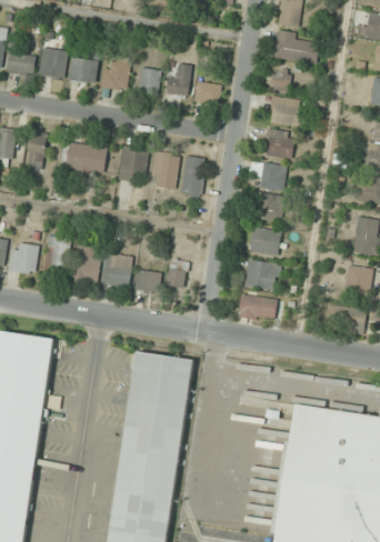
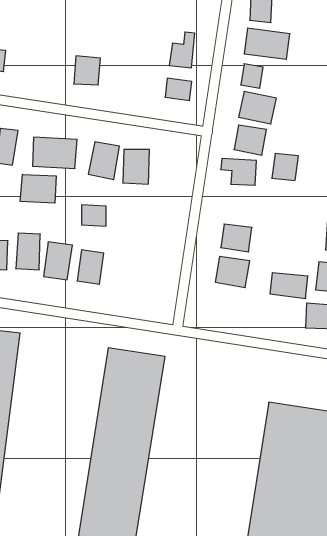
building: [39,48,67,78] -> none
building: [69,50,99,83] -> none
building: [164,63,190,99] -> [169,32,195,68]
building: [138,67,160,96] -> none
building: [178,154,207,197] -> none
building: none -> [20,174,56,203]
building: [257,194,283,221] -> [272,154,298,180]
building: [166,260,187,288] -> none
building: [134,270,159,291] -> [82,205,106,226]
building: [238,295,276,321] -> [270,273,308,298]

